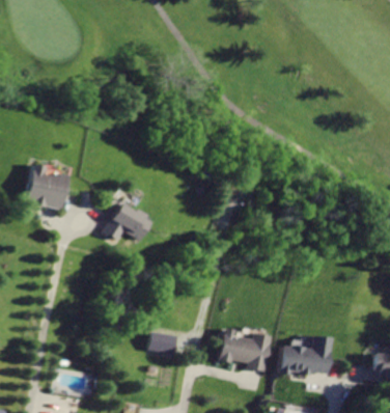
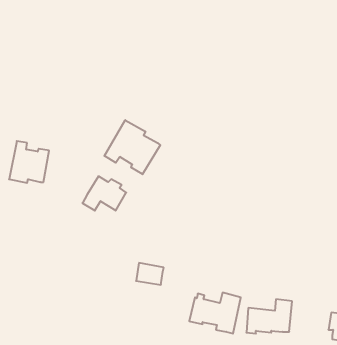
building: none -> [104,120,160,174]
building: [148,330,178,354] -> [136,263,164,285]

